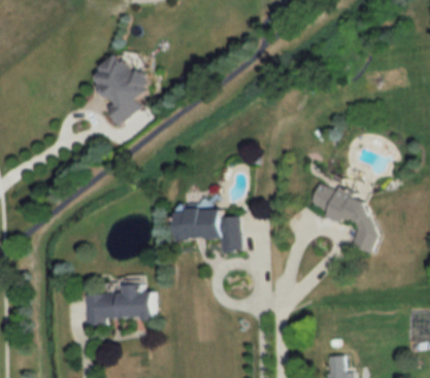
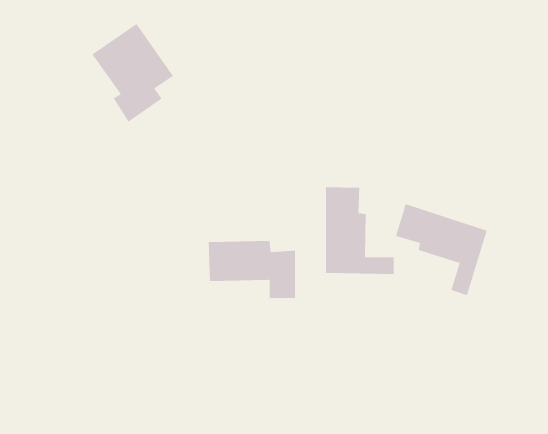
building: none -> [325,187,394,275]
building: [86,284,155,325] -> none

